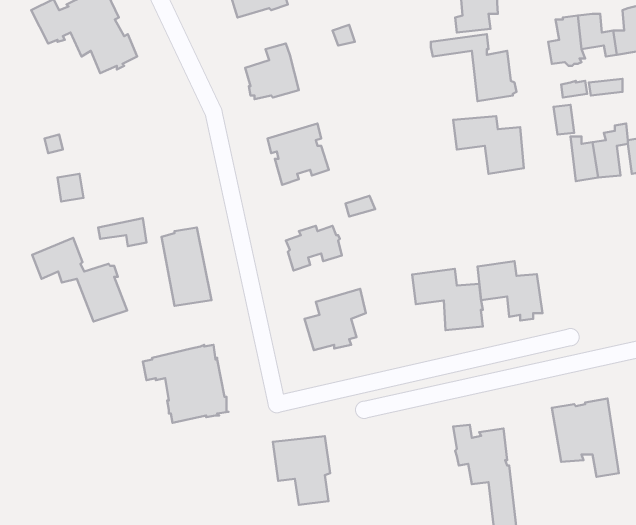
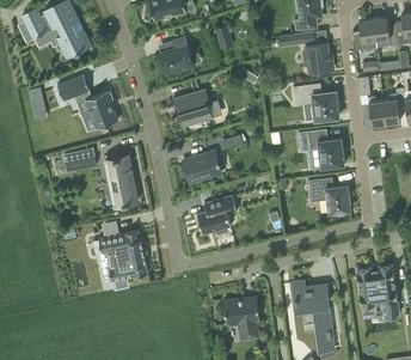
building: [32,238,127,322] -> [59,74,119,128]
building: [412,269,483,330] -> [299,128,344,167]
building: [273,436,330,505] -> [223,297,260,341]

